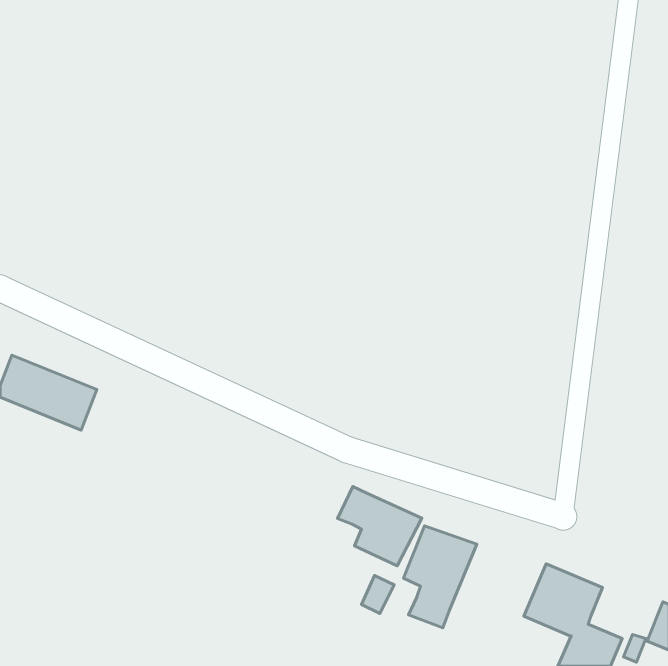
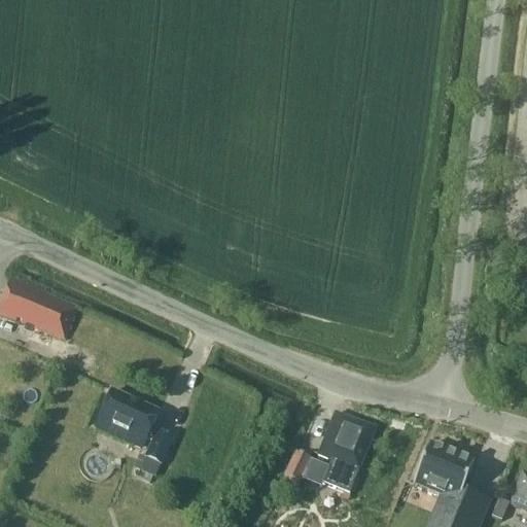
building: [338,487,422,566] -> none
building: none -> [98,390,173,463]

